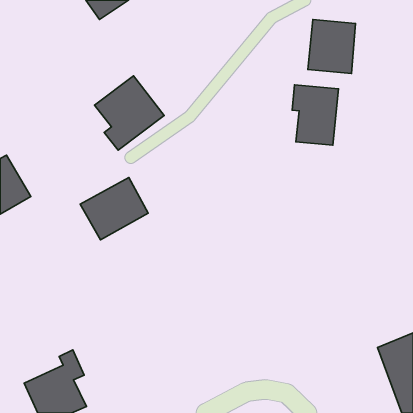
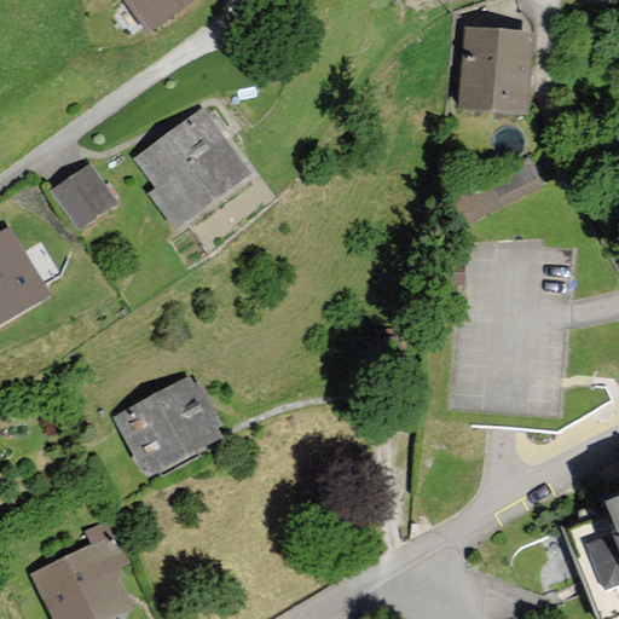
building: [292,85,339,145] -> none
building: none -> [54,167,114,227]
building: [80,178,148,240] -> [118,380,220,473]

